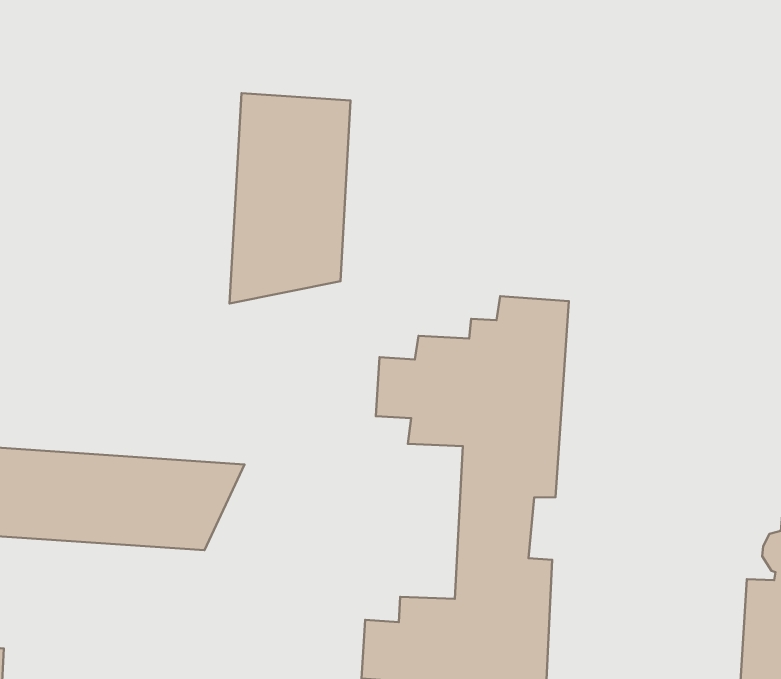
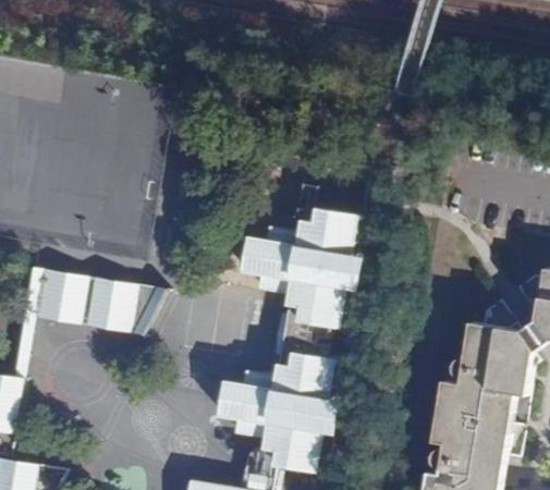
building: [230,93,351,303] -> none

